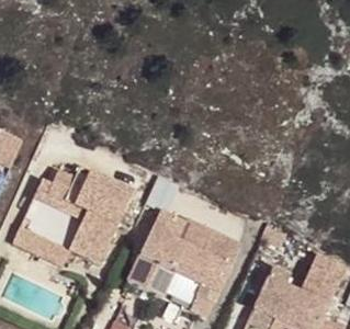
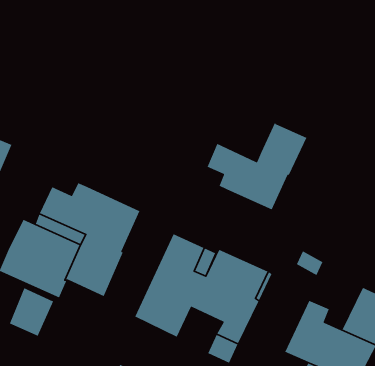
building: none -> [206,122,307,210]
building: none -> [9,287,54,337]

